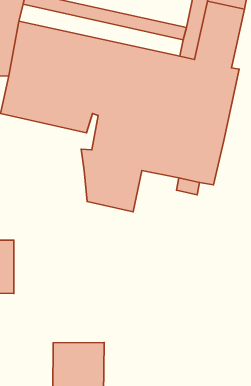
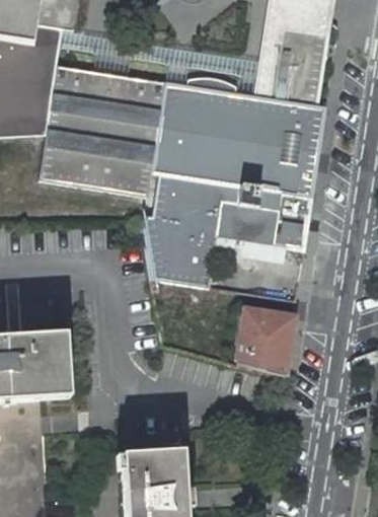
building: none -> [236,308,294,376]

